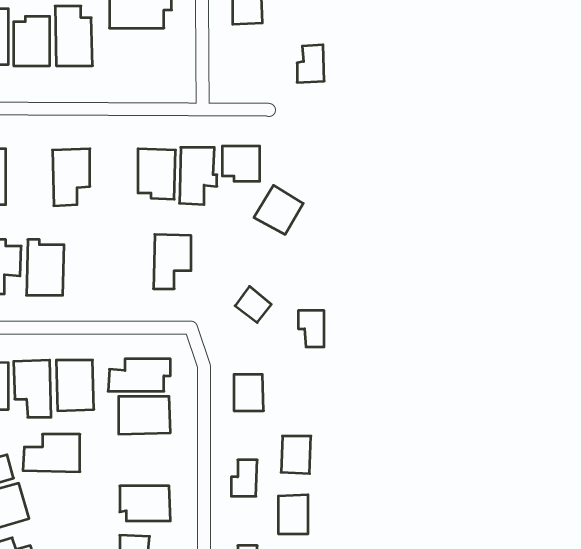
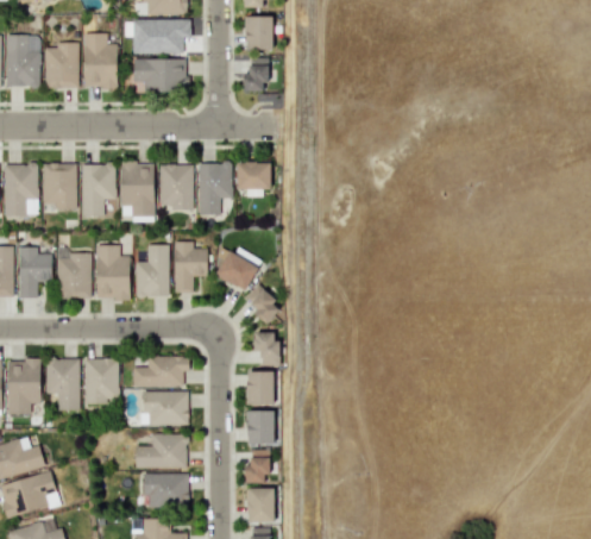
building: none -> [133,58,190,89]
building: [297,45,324,82] -> [244,57,269,92]
building: none -> [120,162,155,217]
building: none -> [43,163,77,209]
building: [254,185,303,234] -> [216,245,262,290]
building: none -> [96,245,131,300]
building: none -> [136,245,169,297]
building: [298,311,324,347] -> [254,333,278,366]
building: [23,434,80,472] -> [134,434,187,469]
building: [281,436,311,474] -> [247,410,275,445]
building: [278,495,308,534] -> [247,488,275,524]

